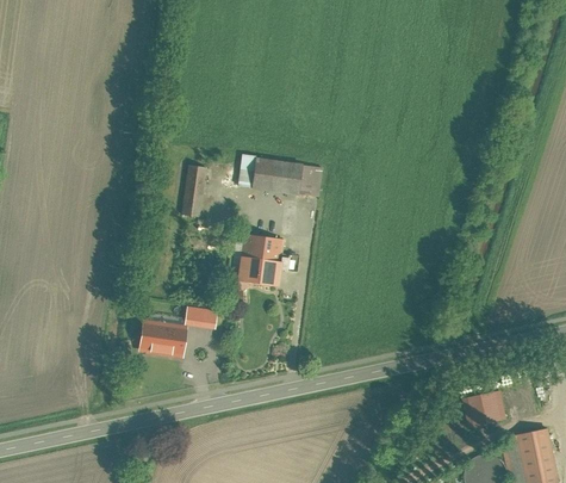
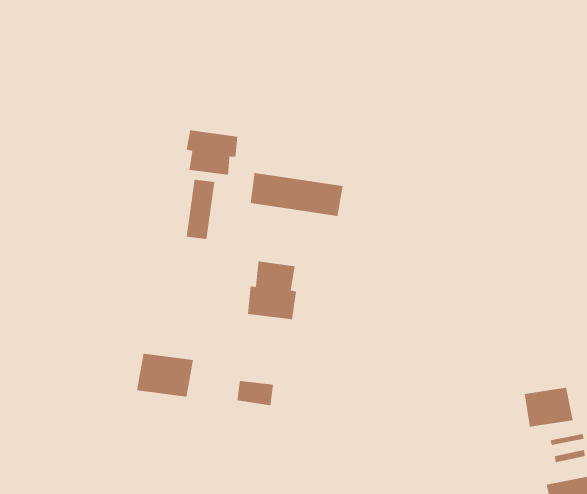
building: none -> [186,129,238,175]
building: [186,303,219,326] -> [237,380,274,406]
building: [461,390,505,426] -> [524,387,573,427]

